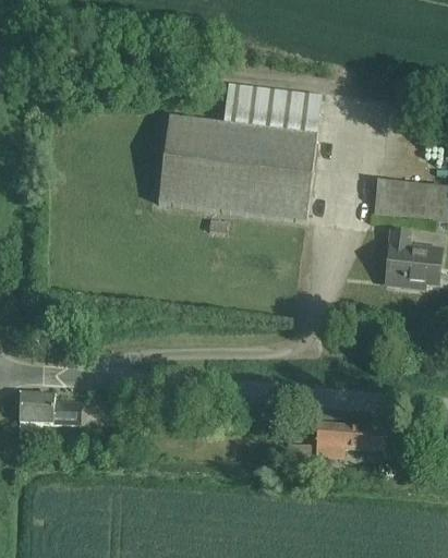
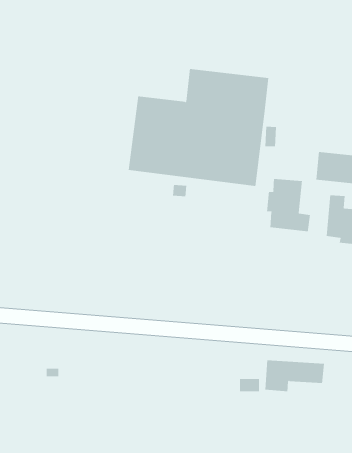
building: none -> [266,178,311,232]
building: [19,392,81,423] -> none

